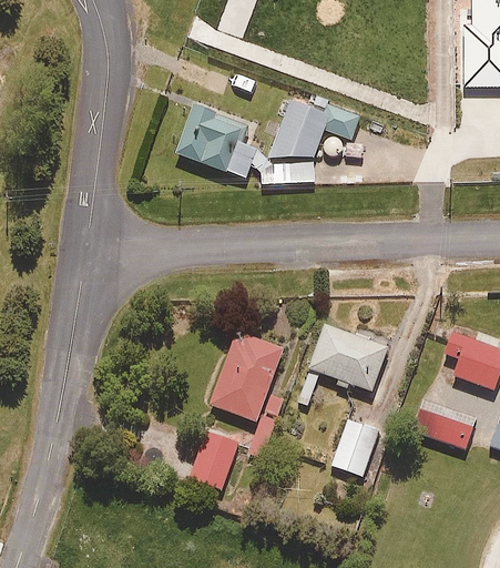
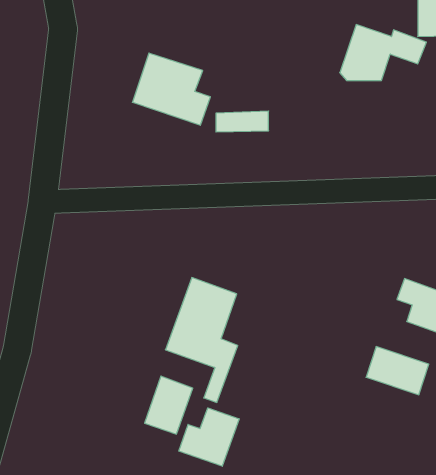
building: [272,99,359,155] -> [340,25,426,80]
building: [298,323,387,406] -> none
building: [331,419,378,476] -> none
building: none -> [179,408,239,466]

